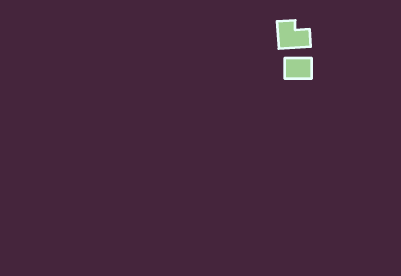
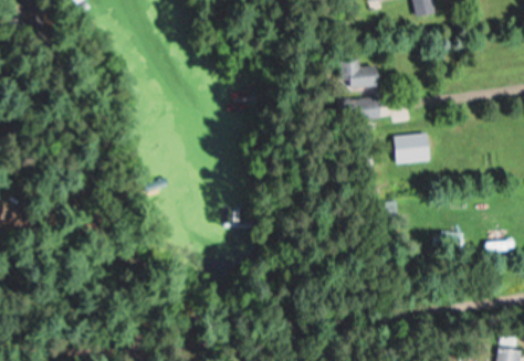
building: none -> [392,134,431,166]

